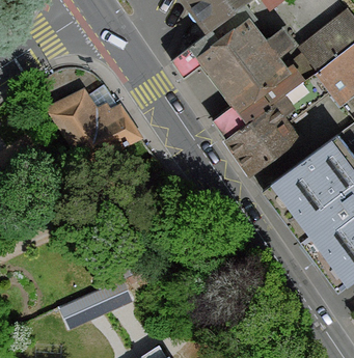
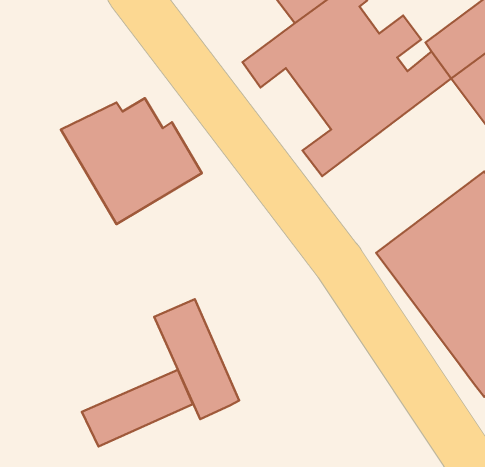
building: [222,93,302,177] -> none
building: none -> [154,299,239,419]

